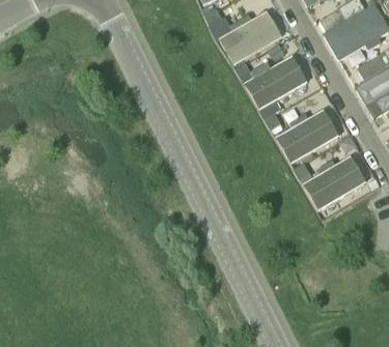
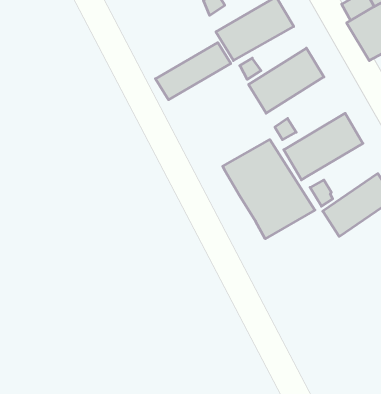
building: none -> [155,43,231,100]
building: none -> [223,140,315,239]

